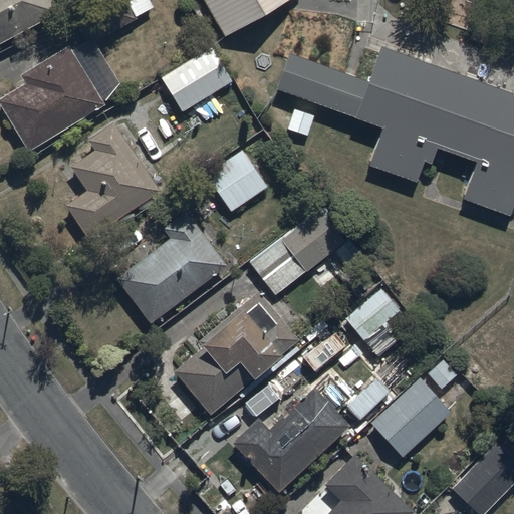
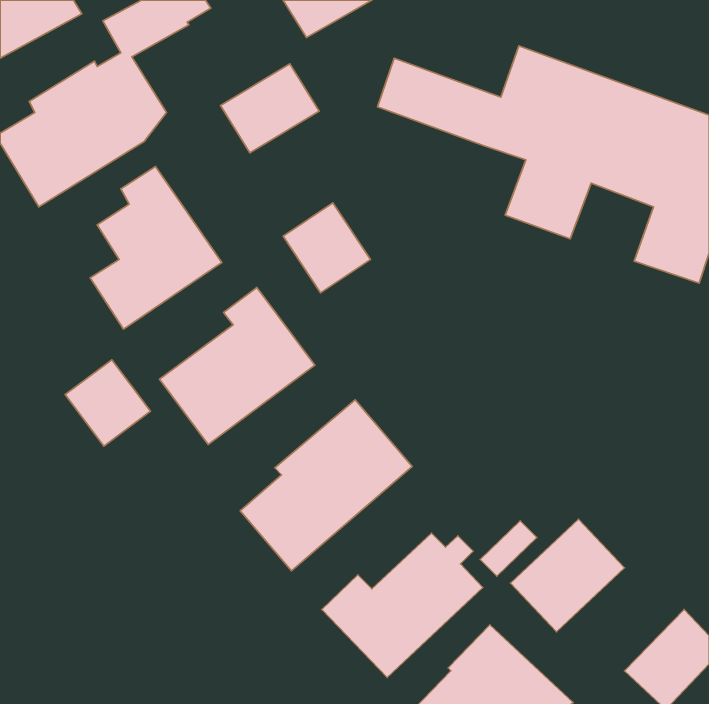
building: [248,213,358,298] -> none
building: none -> [65,360,151,446]
building: [344,291,400,343] -> none

